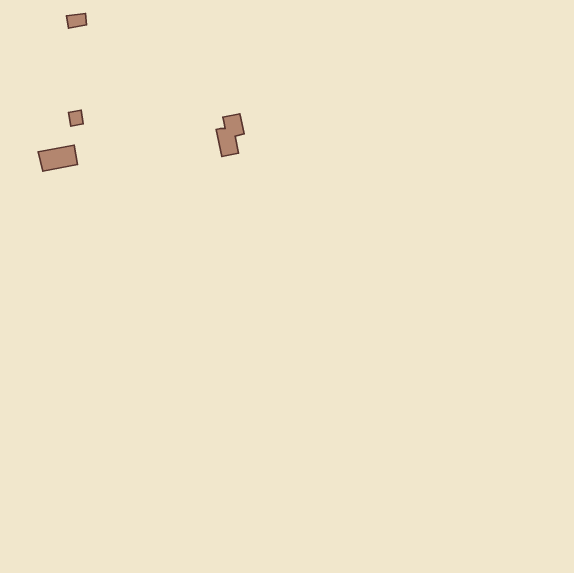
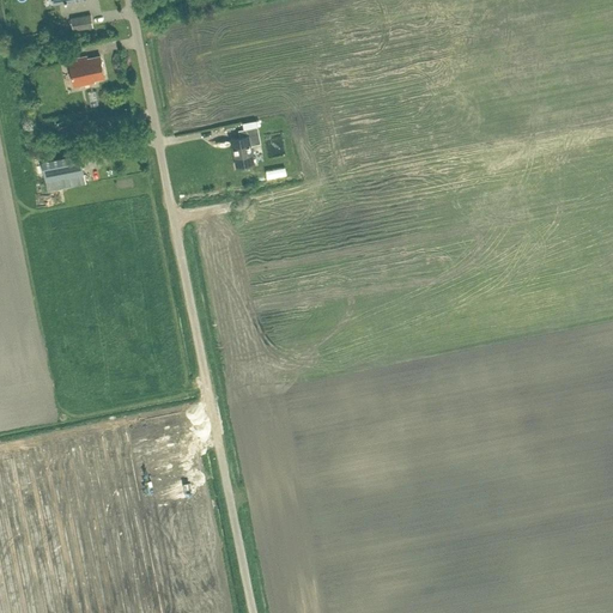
building: none -> [68,57,103,89]

